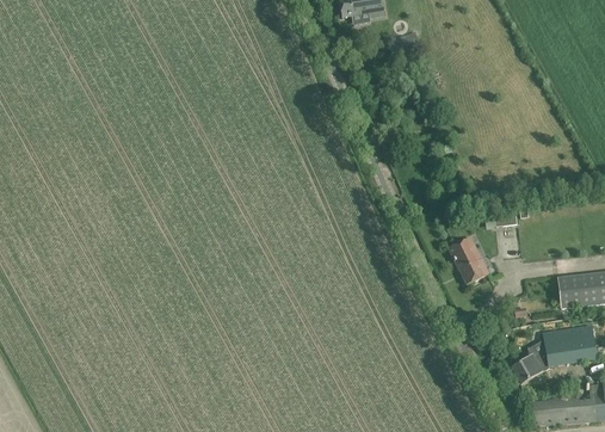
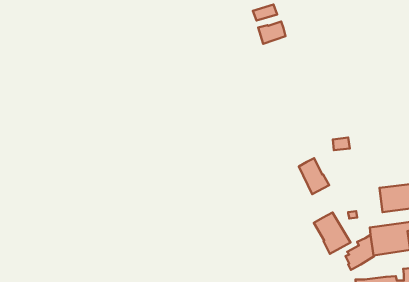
building: none -> [258,21,286,44]
building: none -> [314,213,350,254]

